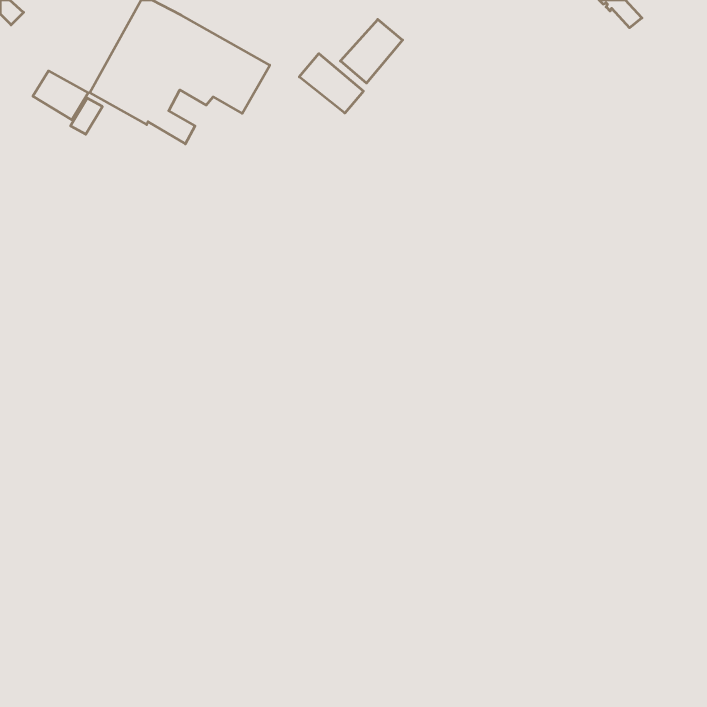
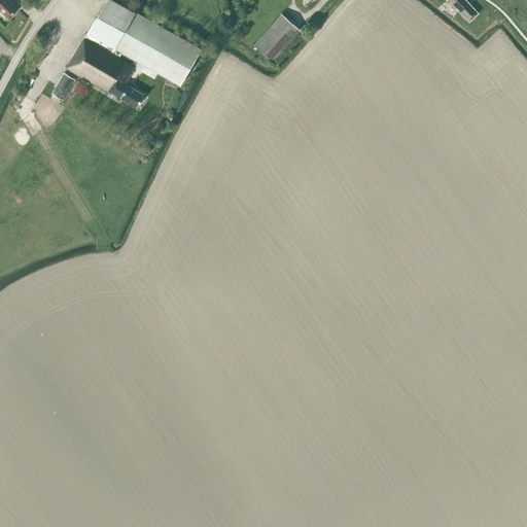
building: [299,54,363,113] -> none
building: [33,71,88,120] -> none

